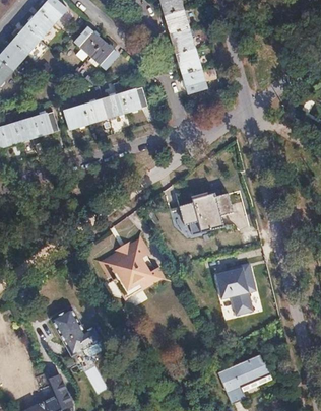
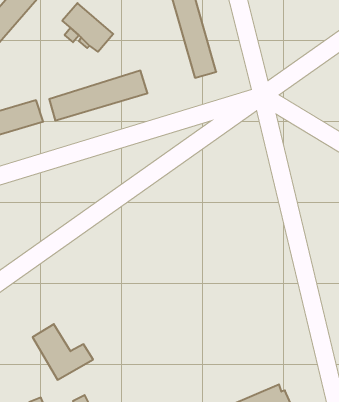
building: [178,191,233,230] -> none
building: [106,243,158,297] -> none
building: [212,263,254,314] -> none

